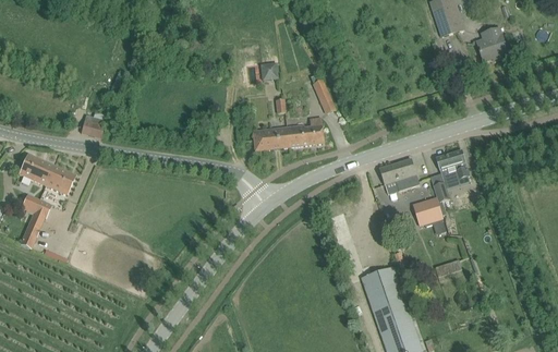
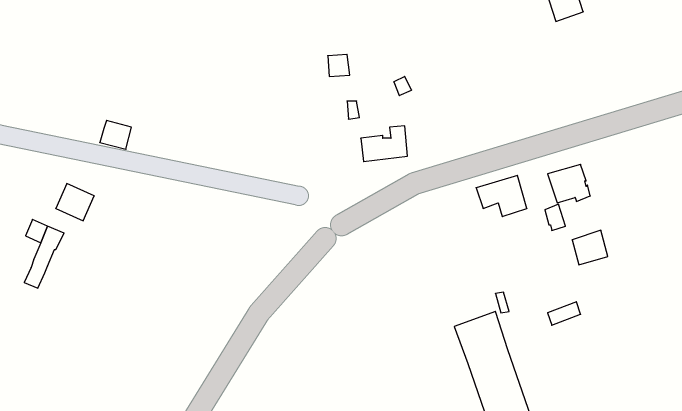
building: [476,26,508,60] -> none
building: [253,129,289,150] -> none
building: [17,154,53,184] -> none
building: [413,197,441,224] -> [572,230,608,265]

